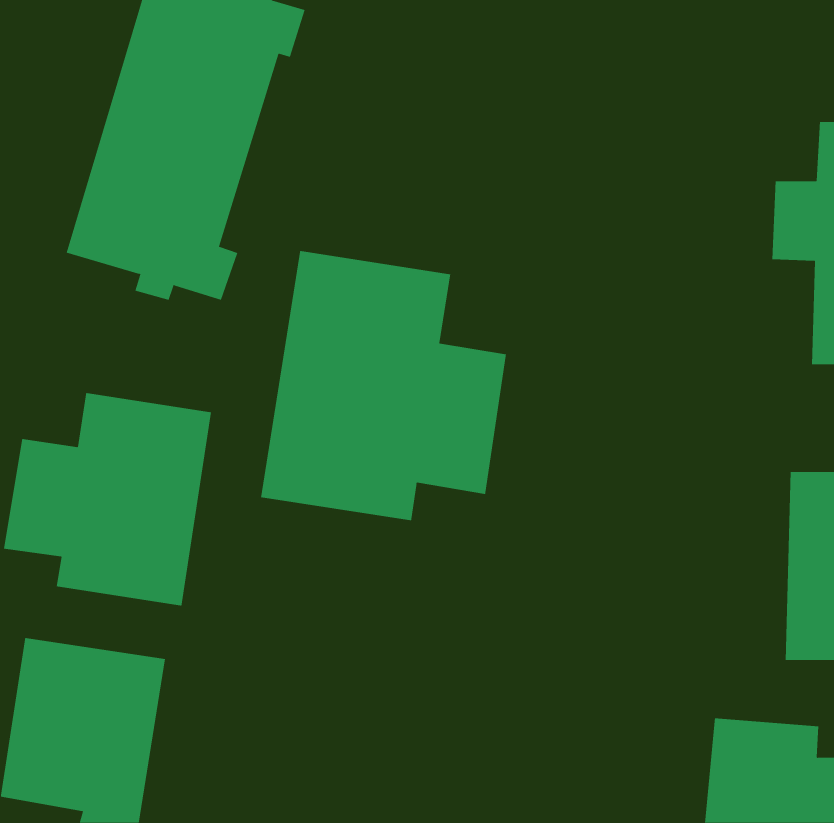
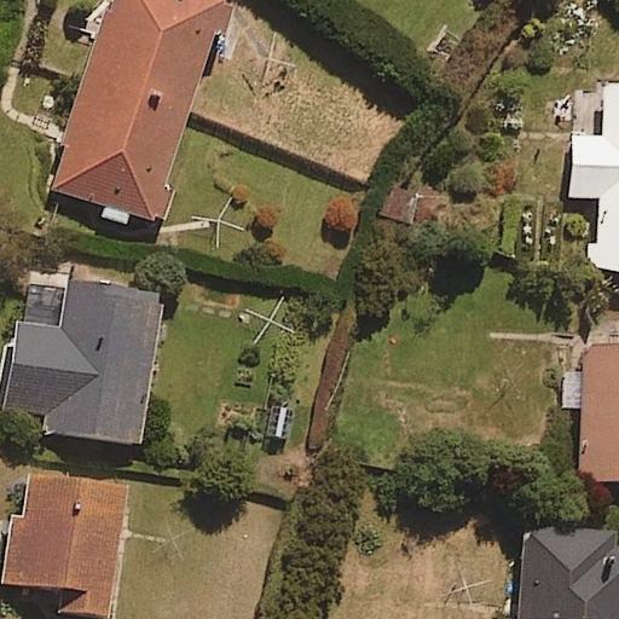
building: [261,250,506,521] -> none

